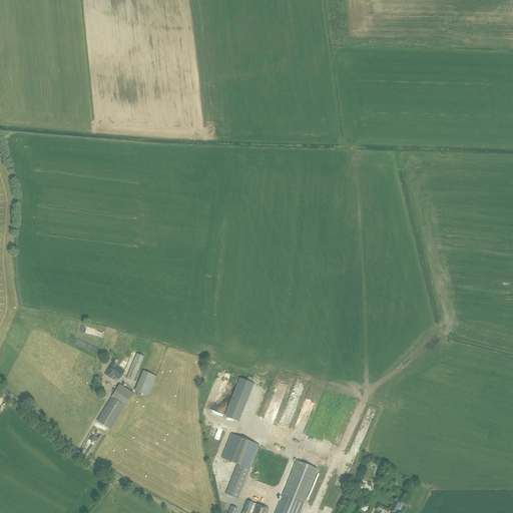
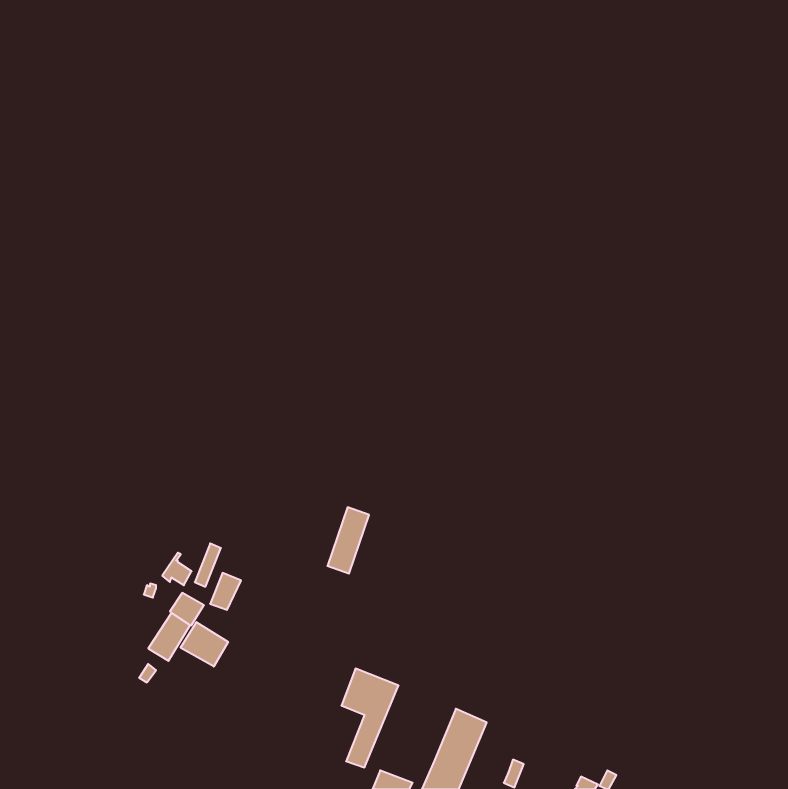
building: [225,375,252,418] -> [327,507,369,574]
building: none -> [181,622,228,667]

